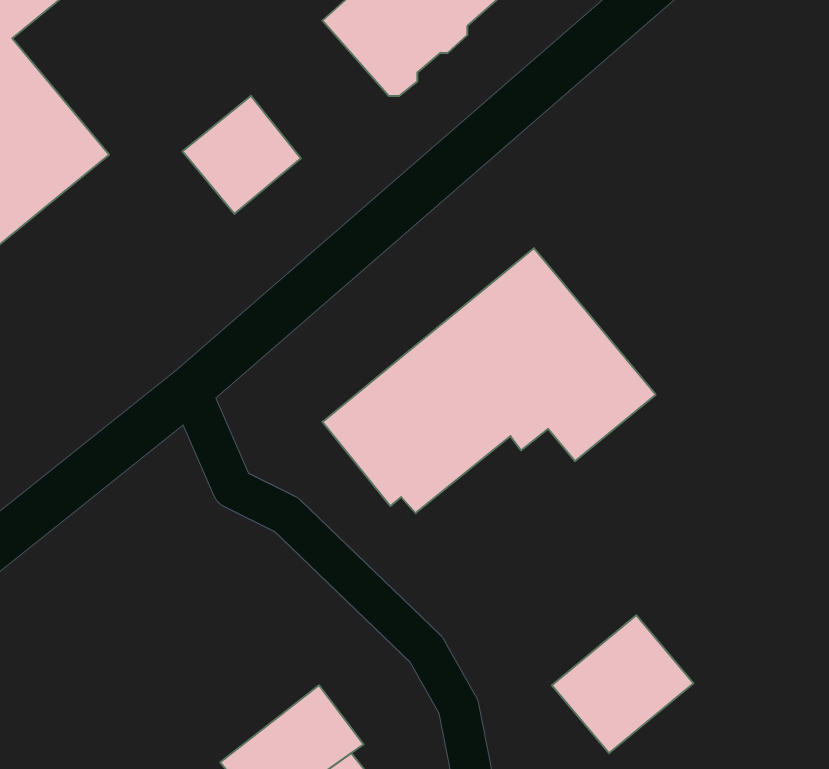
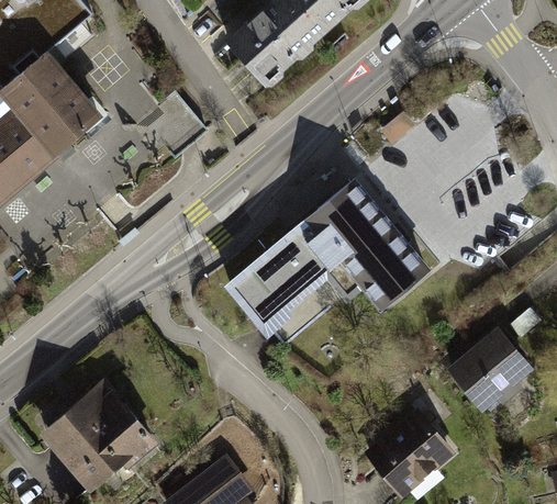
building: none -> [438,325,530,408]
building: none -> [38,373,156,485]

